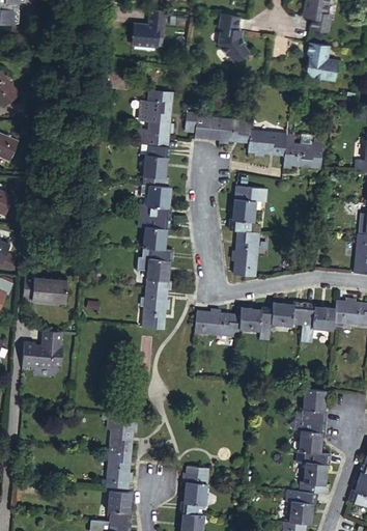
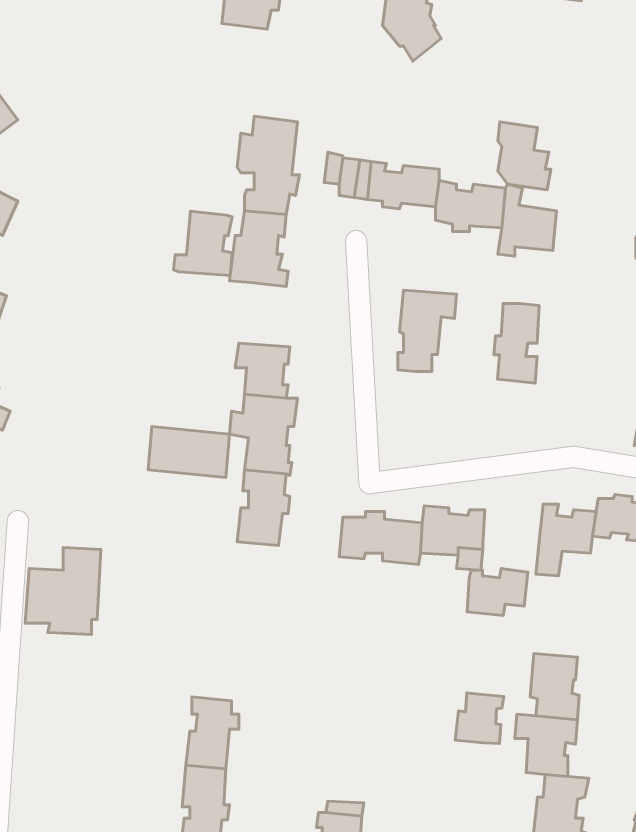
building: [307,41,336,79] -> [498,122,551,190]
building: [137,185,169,220] -> [173,211,232,276]
building: [231,233,256,277] -> [494,304,539,383]
building: [24,275,68,303] -> [148,426,229,478]
building: [274,304,307,330] -> [467,568,528,616]
building: none -> [455,693,504,744]

